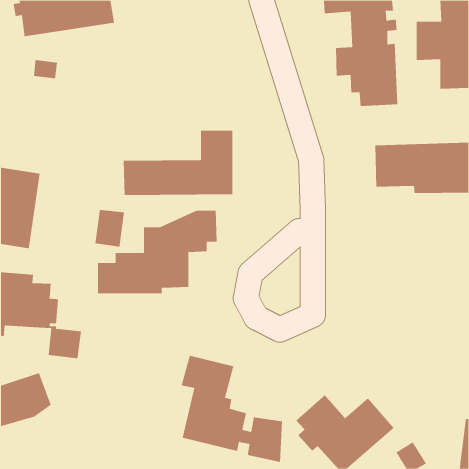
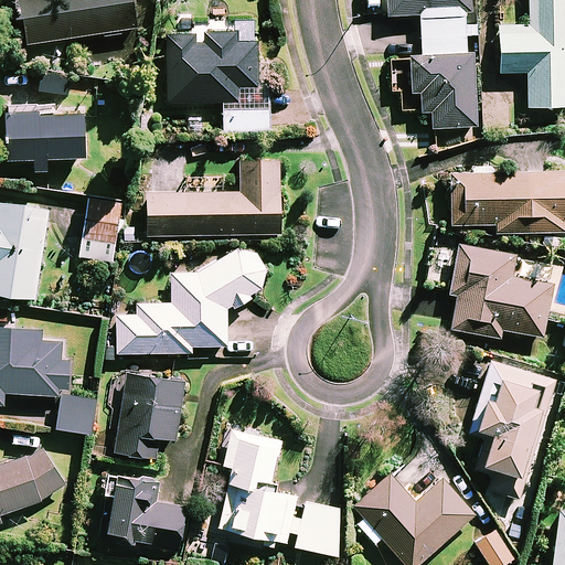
building: none -> [167,31,269,130]
building: none -> [7,102,86,171]
building: none -> [449,244,553,338]
building: [94,209,125,247] -> [85,199,121,244]
building: none -> [471,360,556,498]
building: none -> [116,373,185,458]
building: none -> [100,473,185,548]

